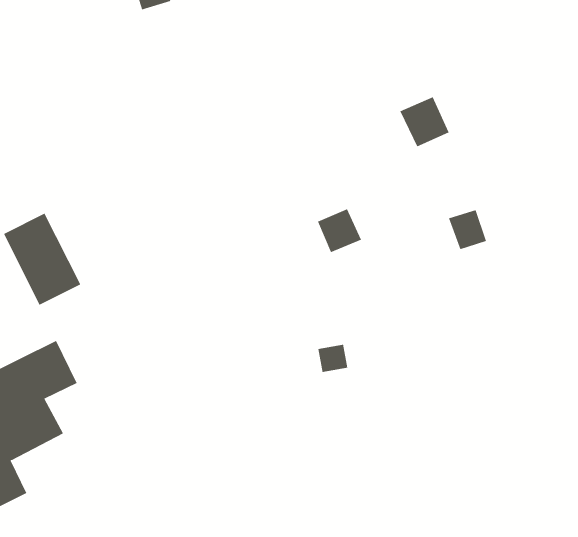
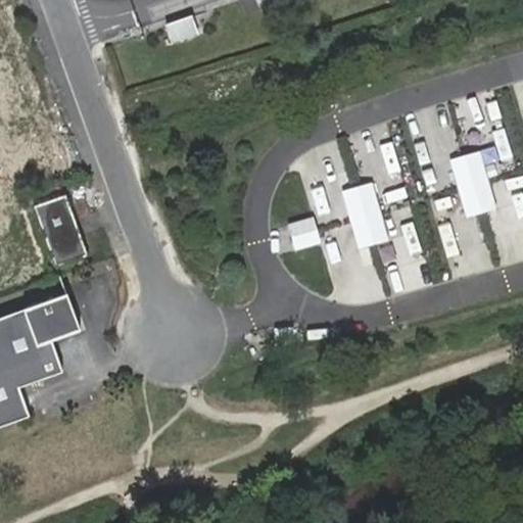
building: none -> [449,153,496,219]
building: none -> [341,184,388,249]

